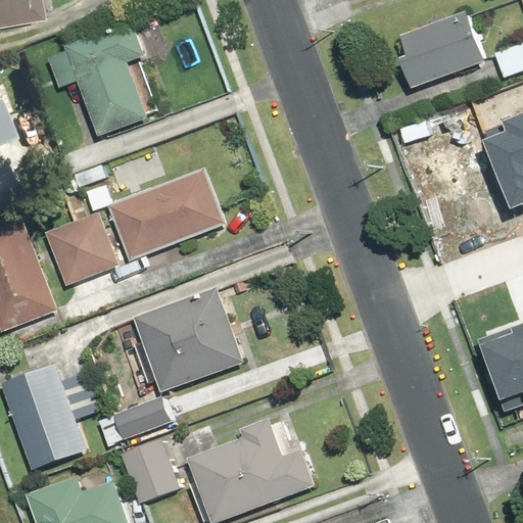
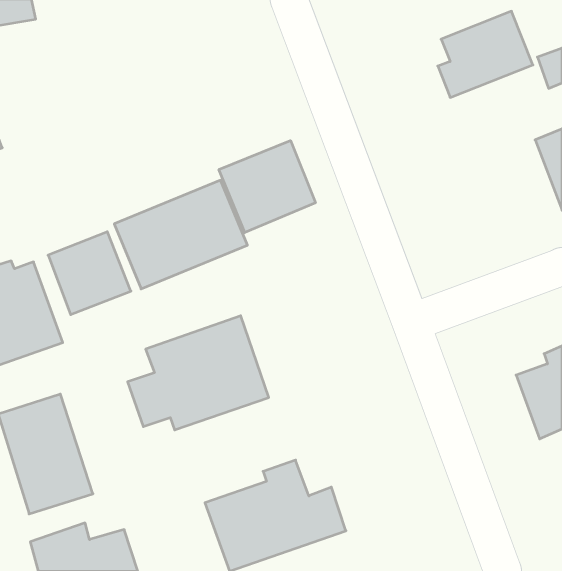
building: [46,22,145,138] -> none
building: none -> [219,141,315,233]
building: [98,400,172,446] -> none
building: [122,441,180,505] -> none

